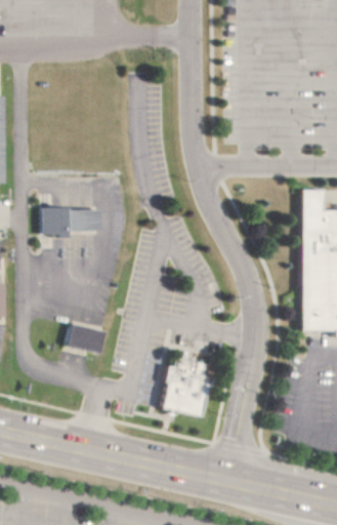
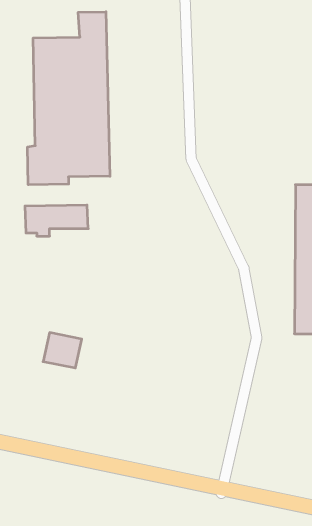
building: none -> [28,12,110,185]
building: [166,354,214,411] -> none

